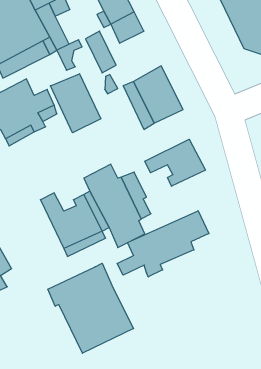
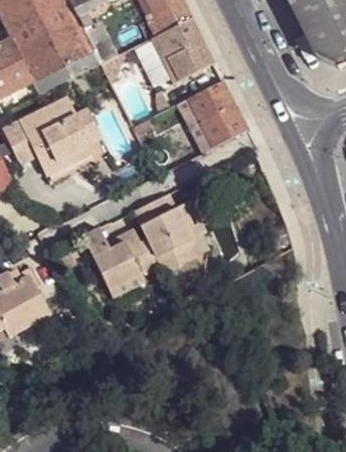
building: none -> [167,37,211,78]
building: [50,74,101,133] -> none
building: [145,139,205,186] -> none
building: [117,211,209,277] -> none
building: [48,263,134,353] -> none

